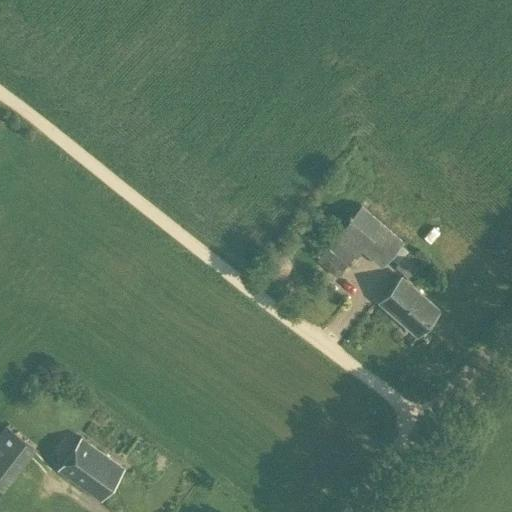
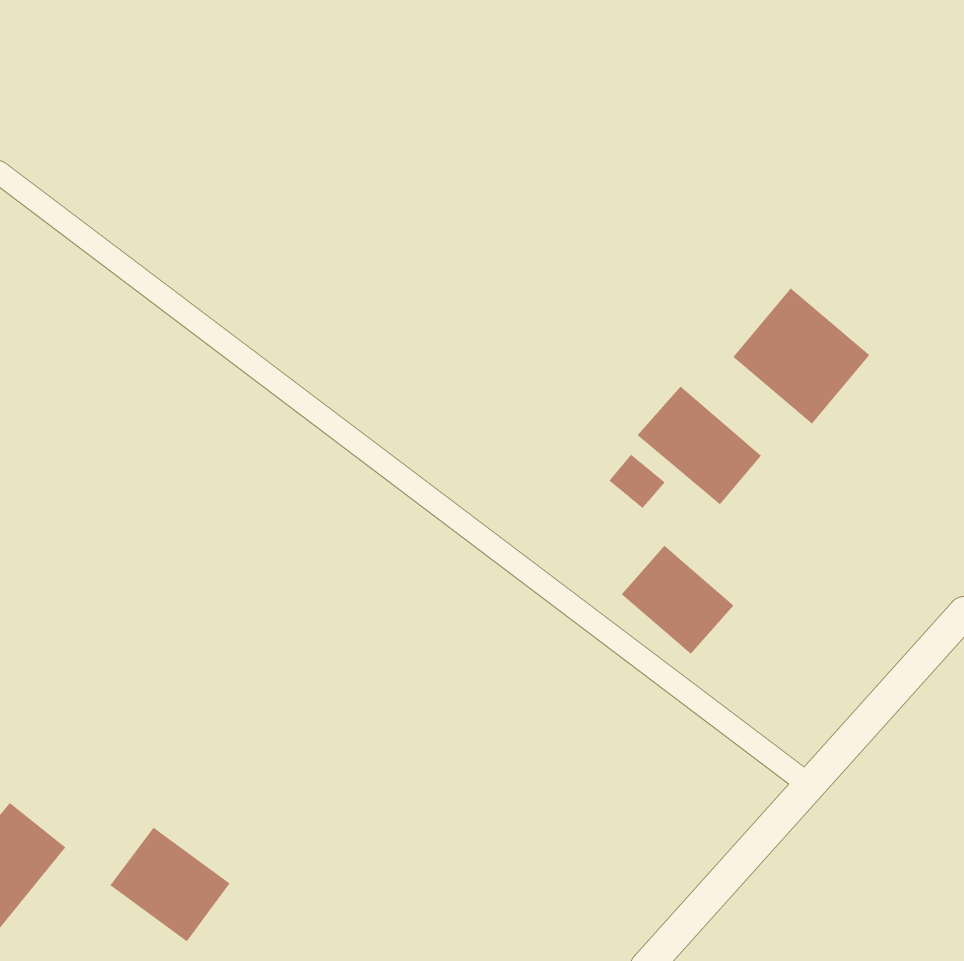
building: none -> [732,287,870,425]
building: [378,279,438,337] -> [621,545,734,655]

